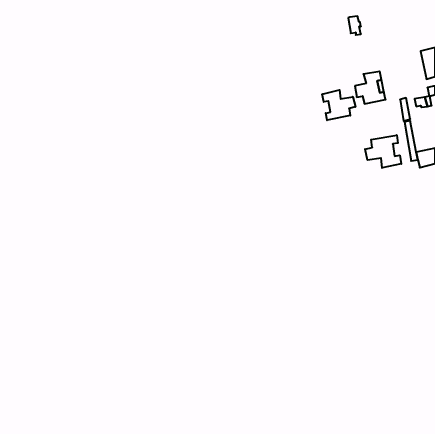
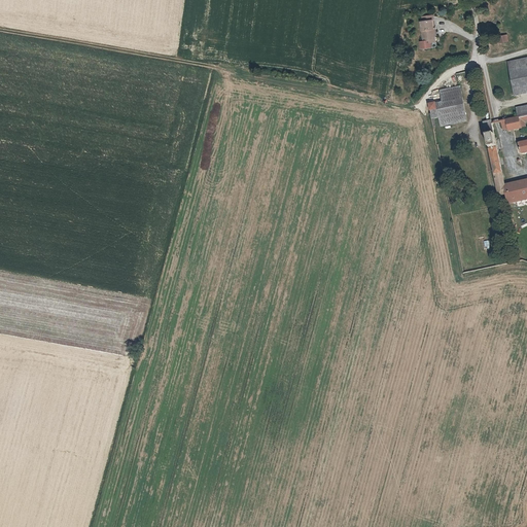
building: [322,90,355,120] -> none
building: [365,135,401,168] -> none

